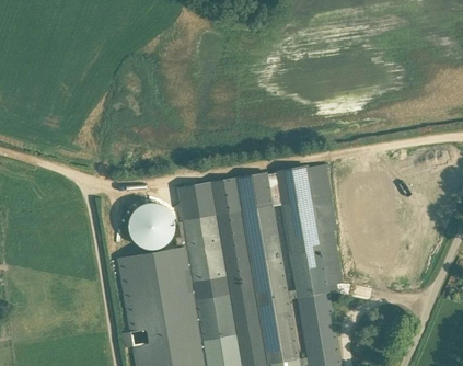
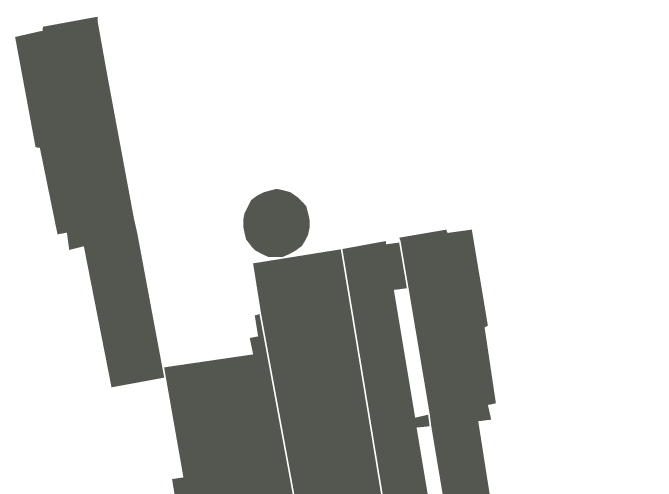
building: none -> [14,16,165,388]
building: [128,202,174,249] -> [242,188,310,258]

